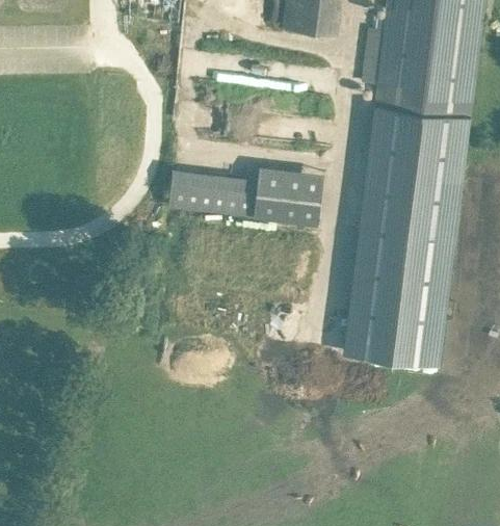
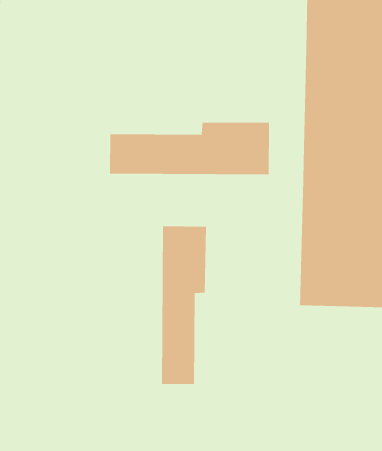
building: none -> [161,225,206,385]

